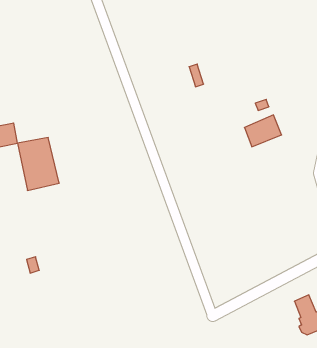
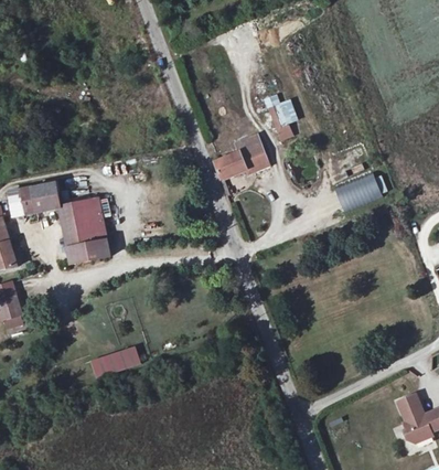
building: none -> [213,131,264,180]
building: none -> [89,344,140,377]

